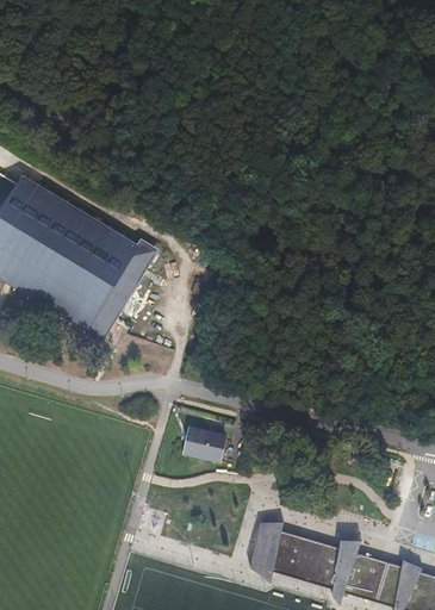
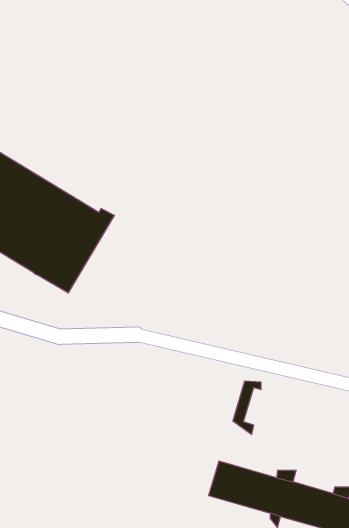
building: [187,421,230,459] -> none
building: [249,523,281,584] -> [233,381,261,434]

